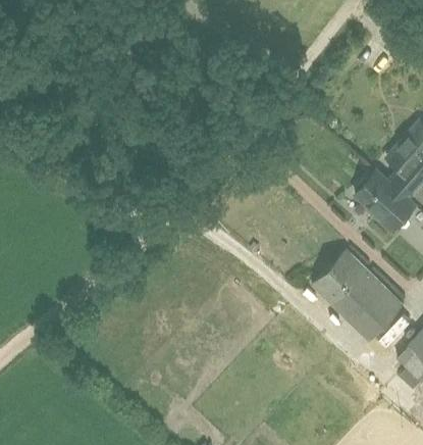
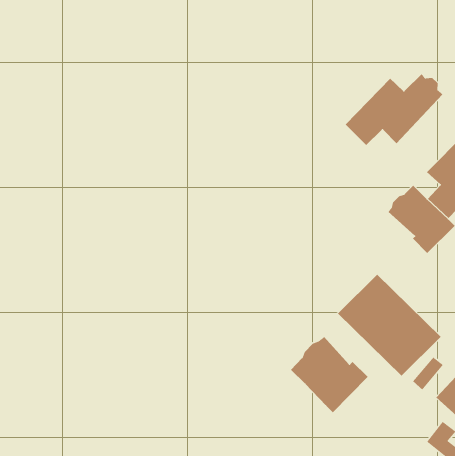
building: none -> [345,73,443,146]
building: none -> [290,336,369,413]

